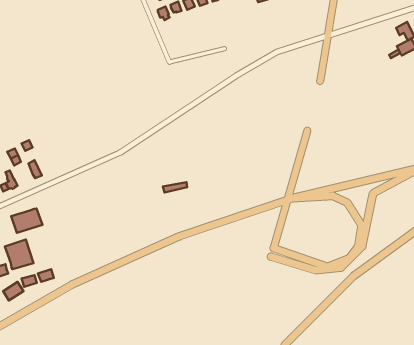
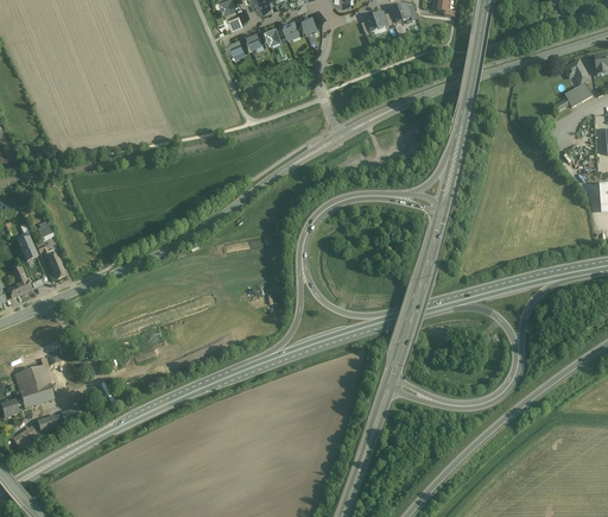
building: [11,208,43,233] -> none

